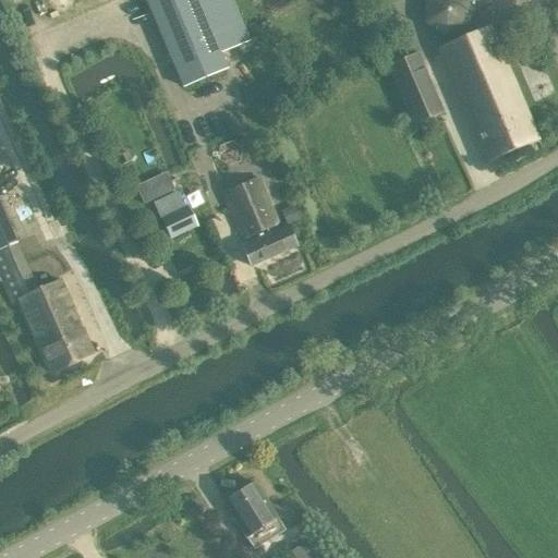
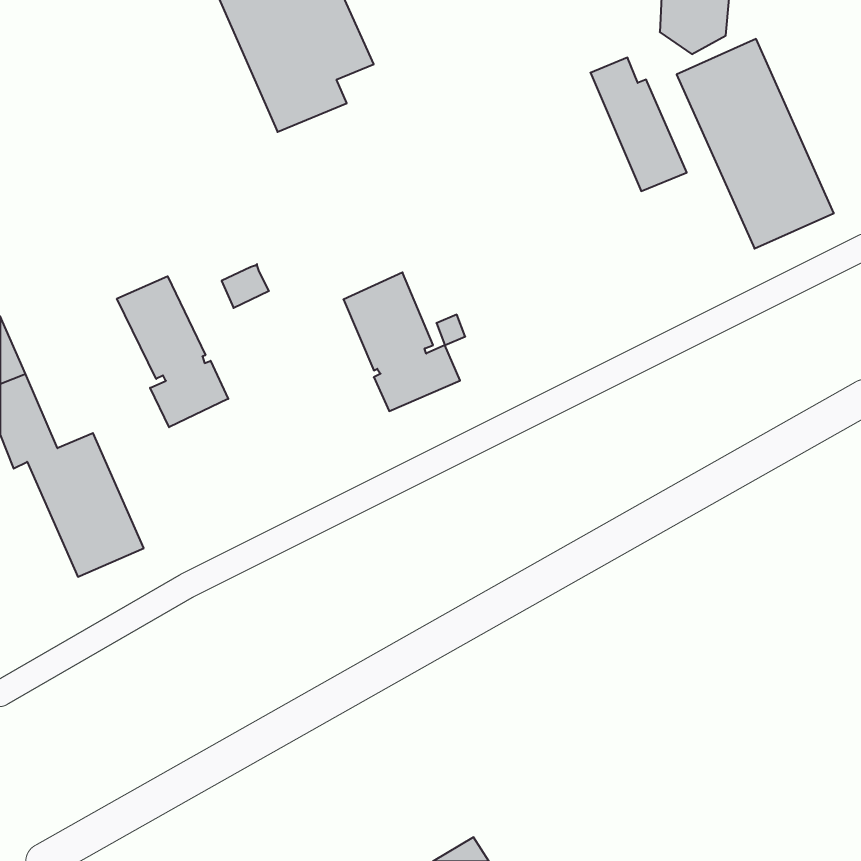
building: none -> [117,276,228,427]
building: [161,204,198,236] -> none
building: [225,478,283,545] -> none

